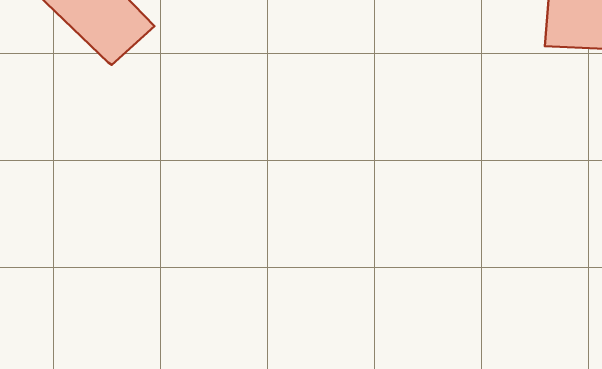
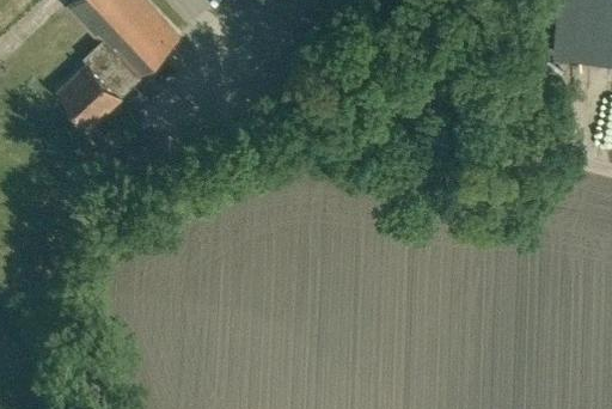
building: none -> [59,48,135,127]

